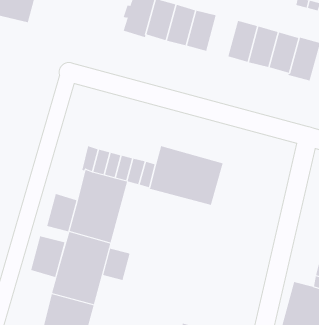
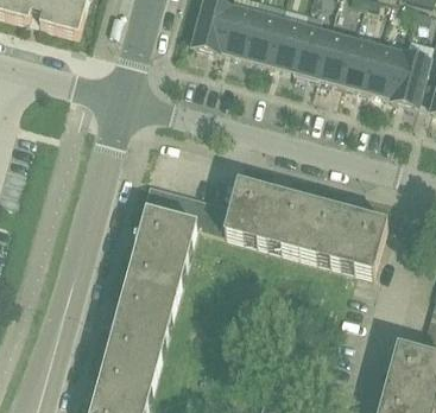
building: none -> [291,21,328,74]
building: none -> [297,199,386,272]
building: [46,193,77,232] -> none
building: [31,236,65,278] -> none
building: [102,248,130,281] -> none

